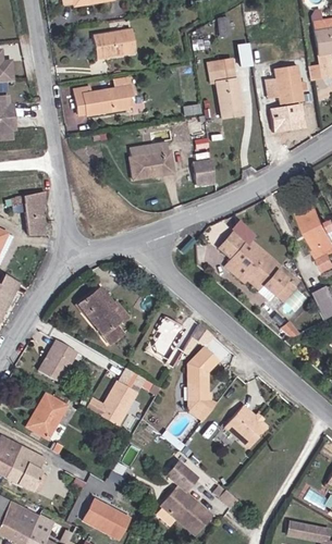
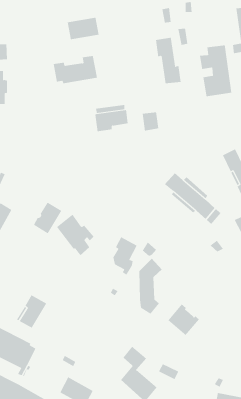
building: [10,194,44,235] -> none
building: [36,339,74,382] -> [33,202,62,234]
building: [84,369,144,425] -> none

